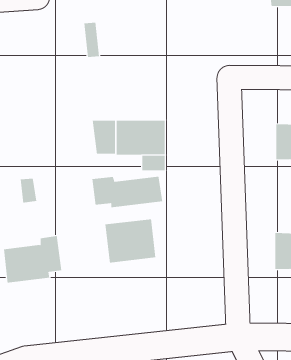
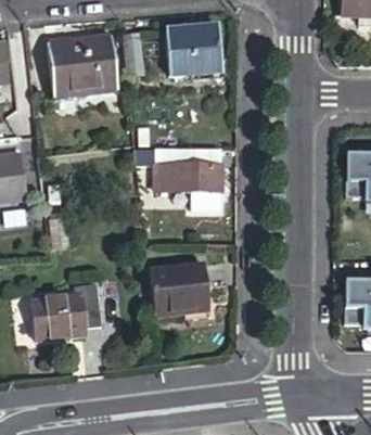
building: none -> [168,27,220,73]
building: none -> [48,37,117,99]
building: [92,176,163,208] -> none

